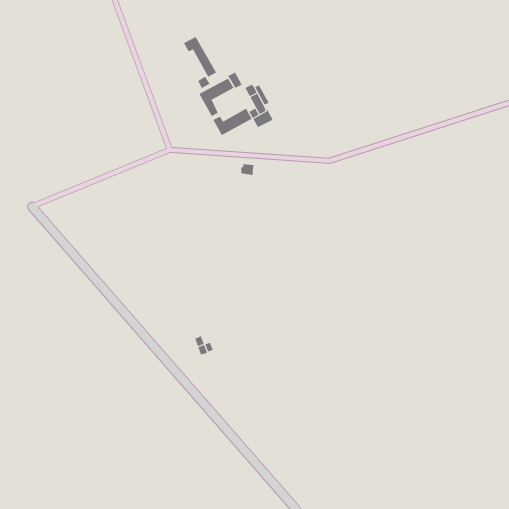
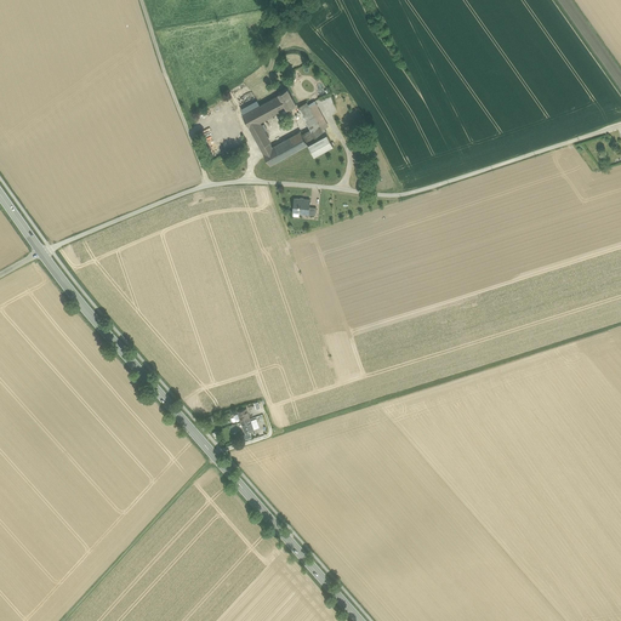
building: [183,36,217,78] -> none

